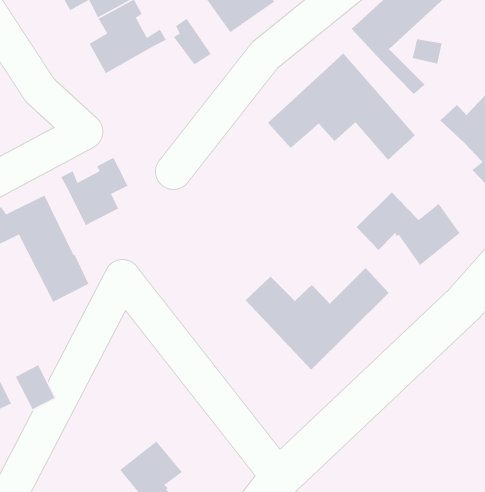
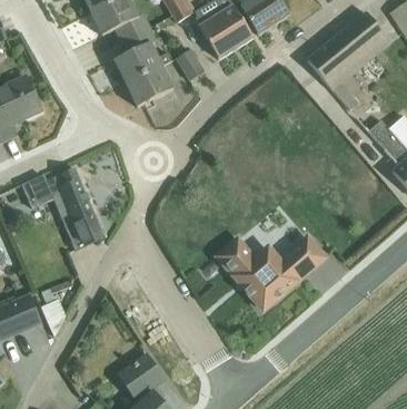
building: none -> [125,65,172,107]
building: [267,53,416,161] -> none
building: [60,157,129,226] -> none
building: [356,191,460,266] -> none

